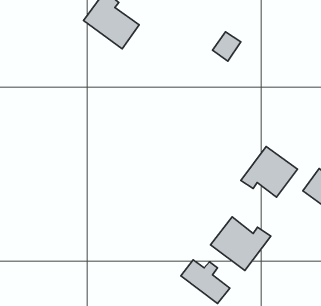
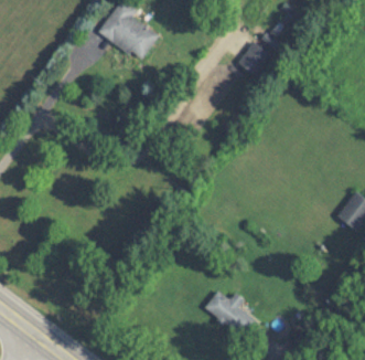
building: [241,146,297,197] -> none
building: [210,217,271,271] -> none

